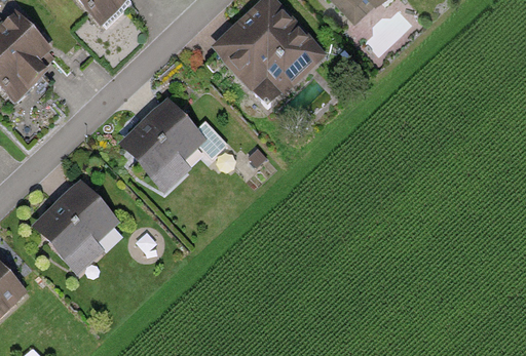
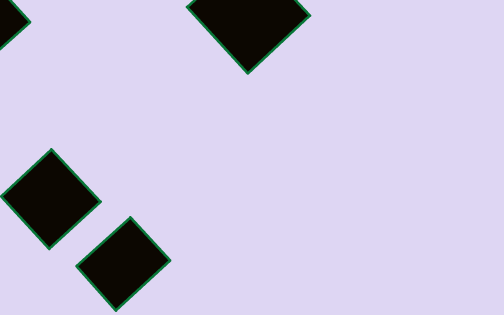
building: [119,94,217,191] -> none
building: none -> [77,217,170,311]

